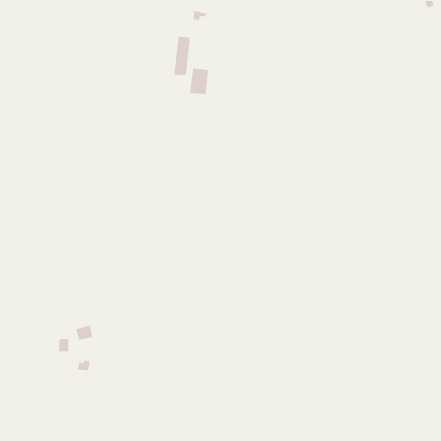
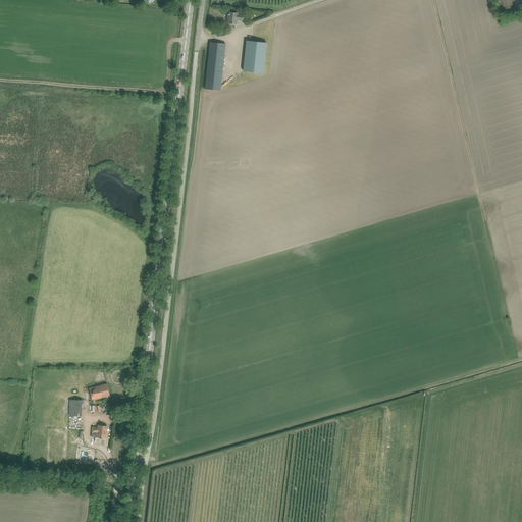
building: [189,68,209,95] -> [243,41,266,73]

